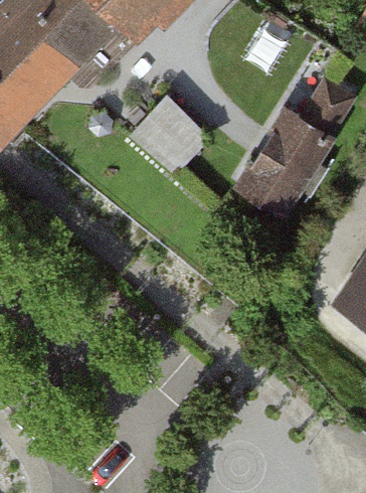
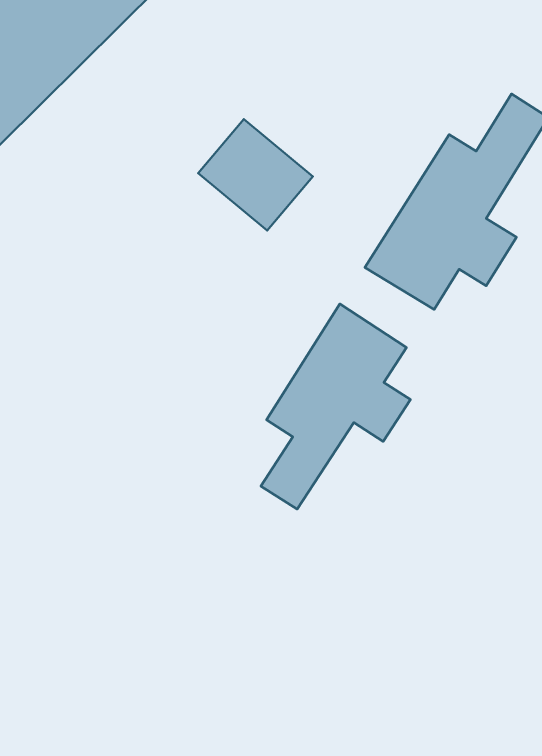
building: none -> [261,304,410,509]

